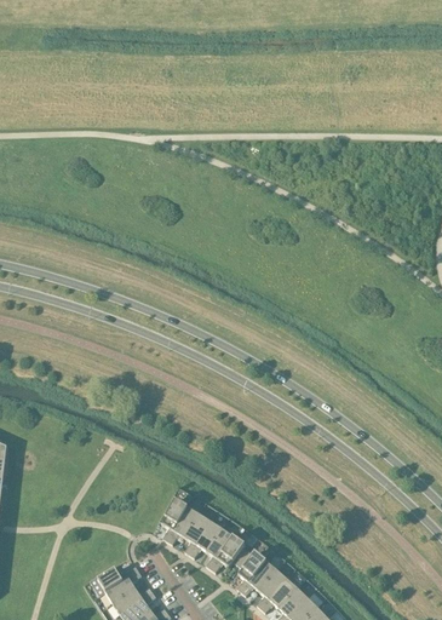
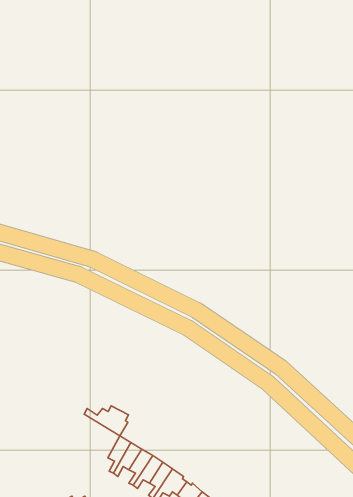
building: none -> [84,406,128,436]

